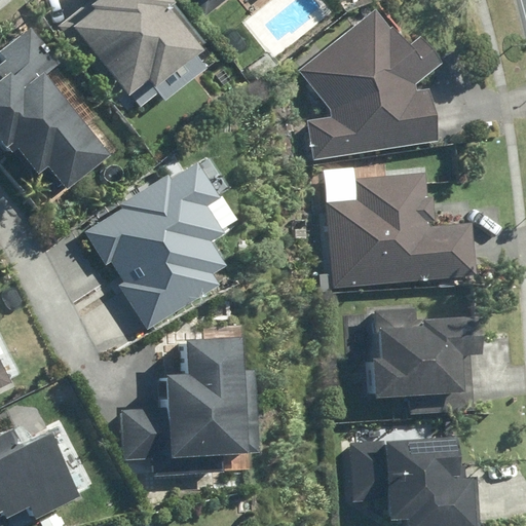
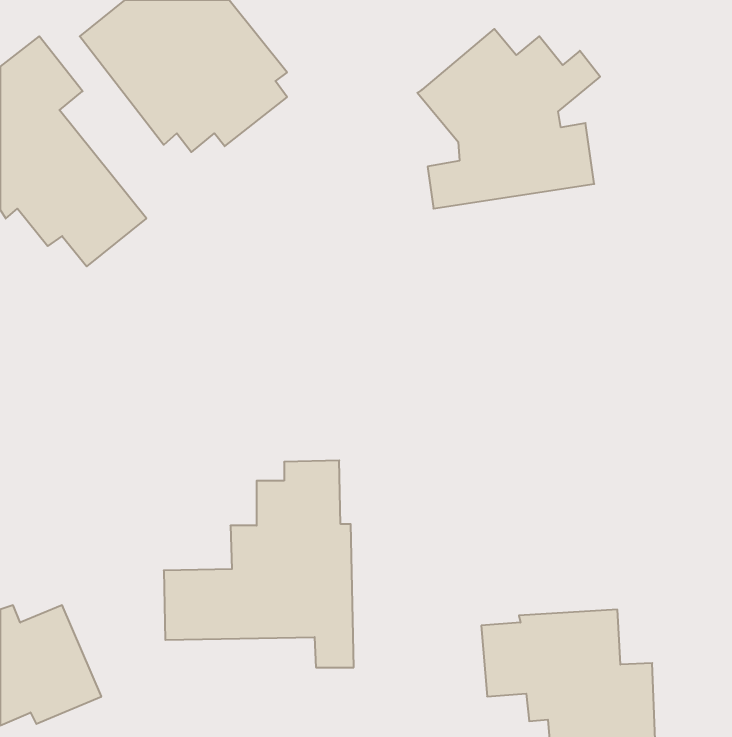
building: [87,163,230,331] -> none
building: [329,172,471,284] -> none
building: [365,309,464,406] -> none

